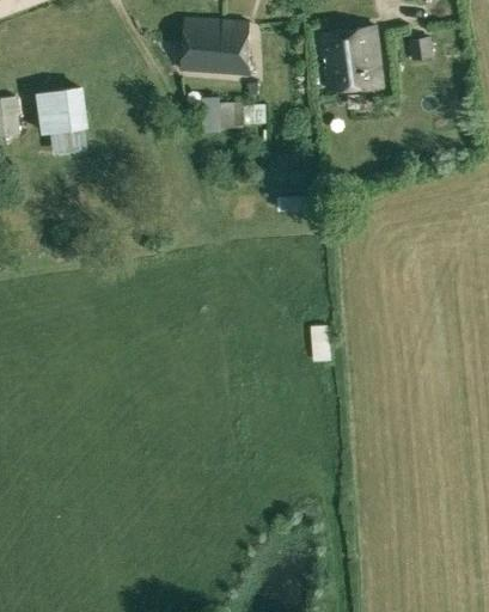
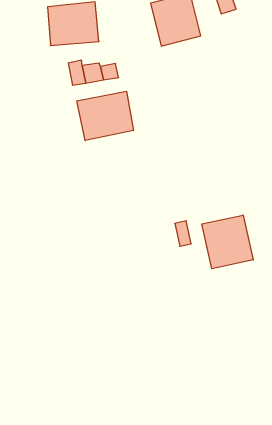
building: none -> [77,91,134,141]
building: none -> [202,215,253,269]

